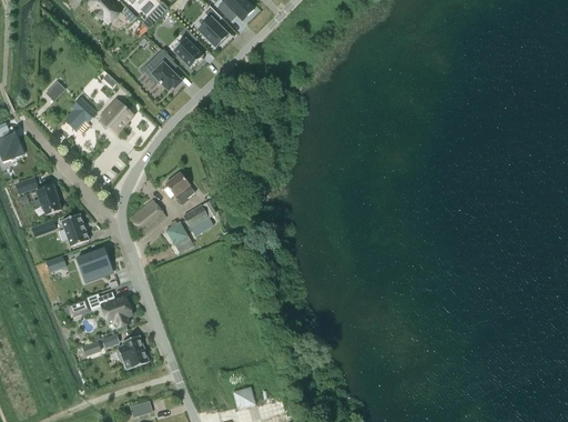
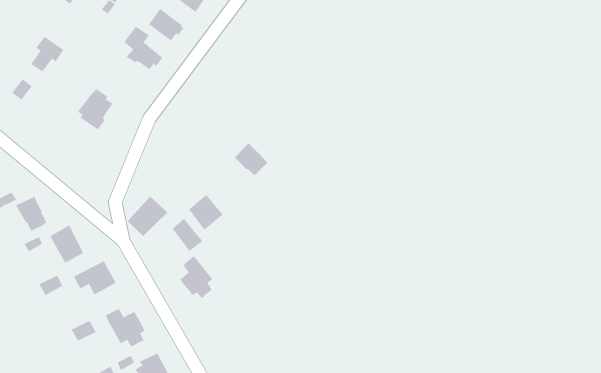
building: [64,98,95,129] -> [30,36,64,72]
building: [165,172,194,202] -> [234,142,268,176]
building: none -> [179,255,213,299]

